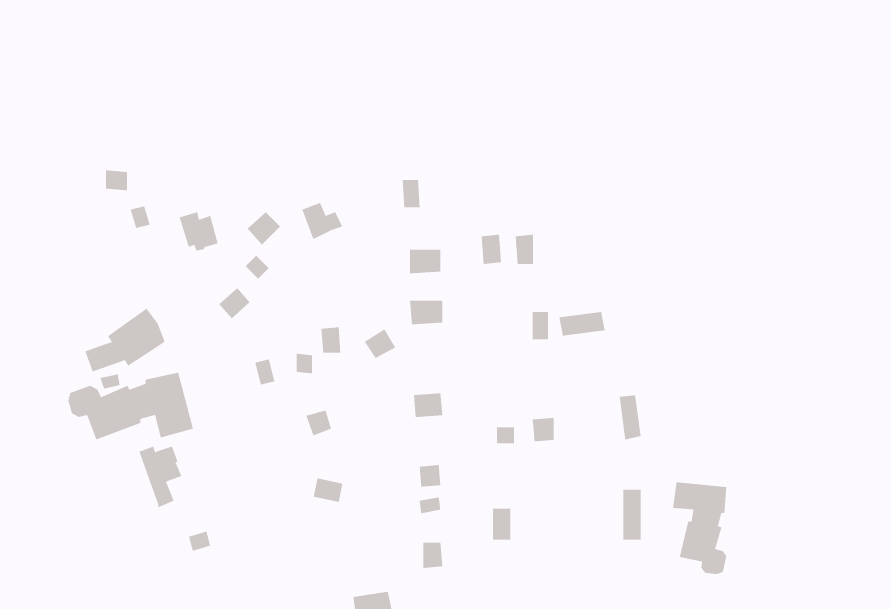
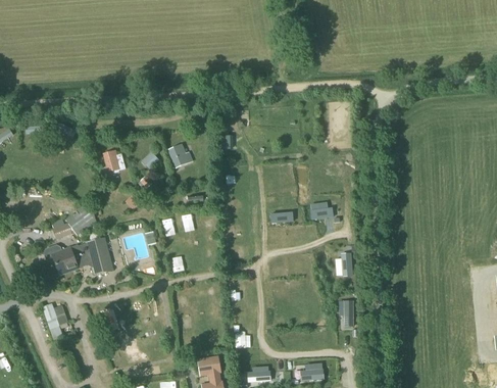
building: [139,446,182,508] -> [44,306,67,340]
building: [673,482,727,575] -> none

